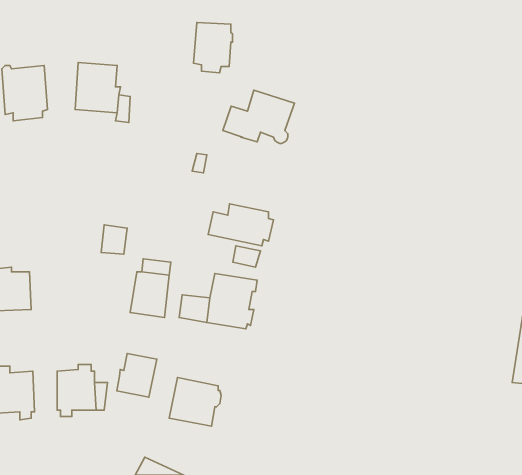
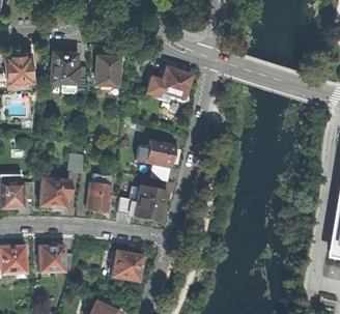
building: [194,23,233,73] -> [95,54,120,86]
building: none -> [39,179,70,210]
building: [117,353,157,397] -> none

